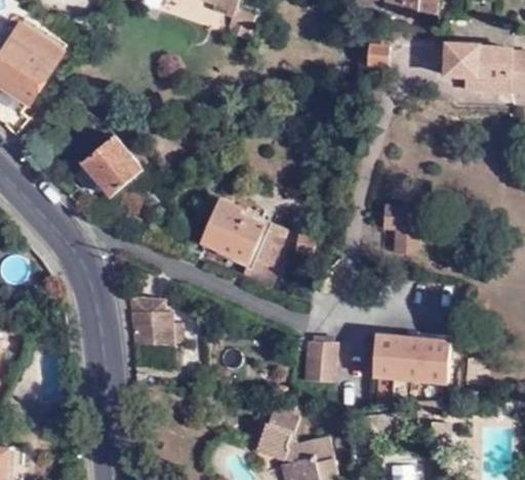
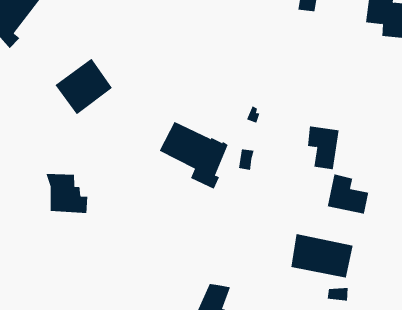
building: none -> [327,173,369,214]
building: [127,296,180,343] -> [45,174,88,213]
building: [306,341,337,381] -> none

